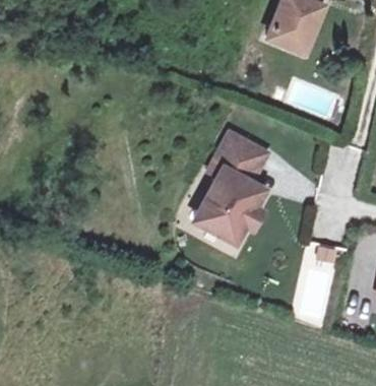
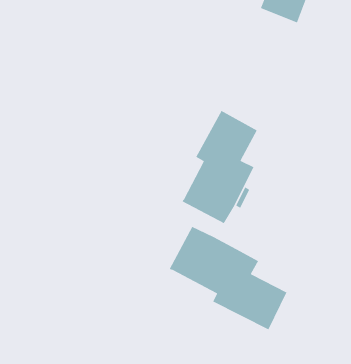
building: none -> [169,226,288,331]

